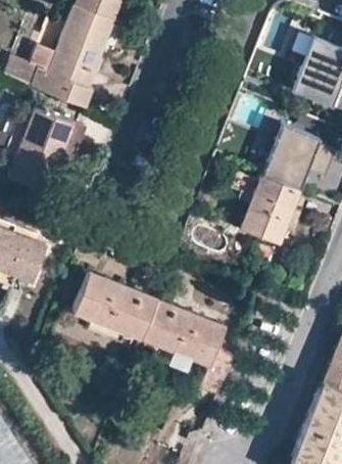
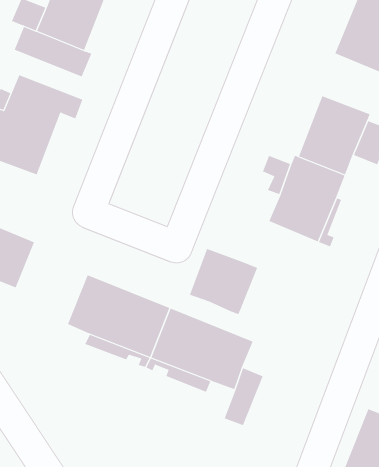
building: none -> [189,248,258,315]

